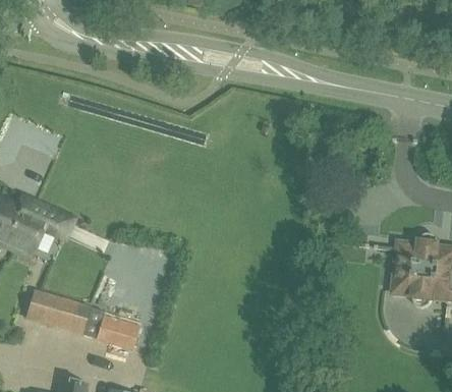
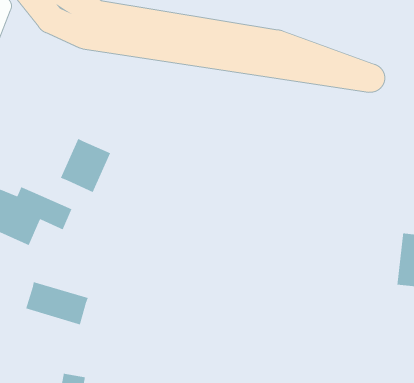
building: none -> [60,138,111,193]
building: [96,314,138,348] -> none

